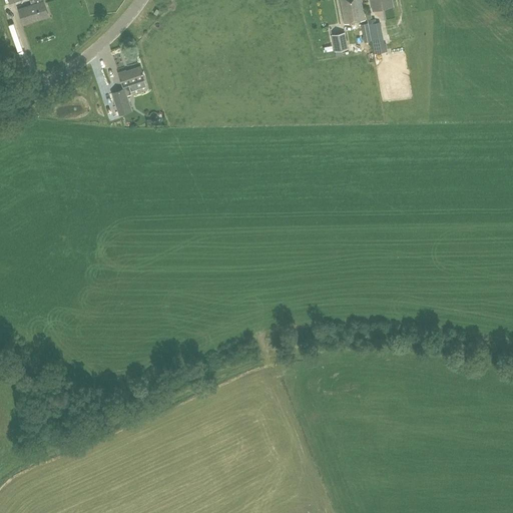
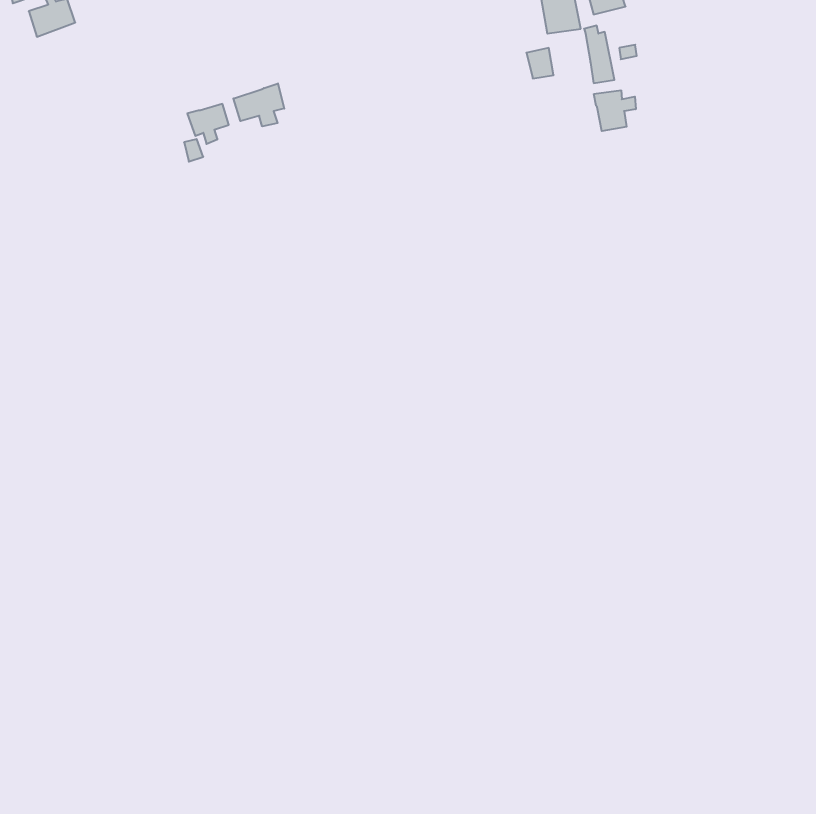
building: none -> [233,83,284,126]
building: none -> [594,90,636,131]

